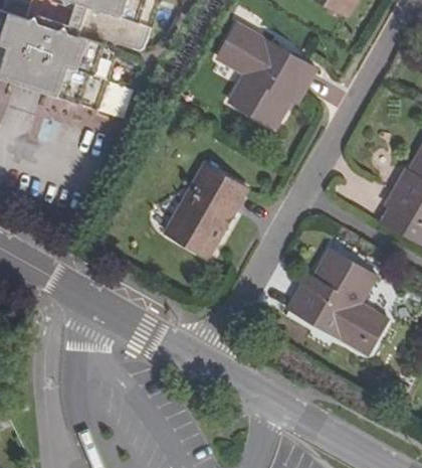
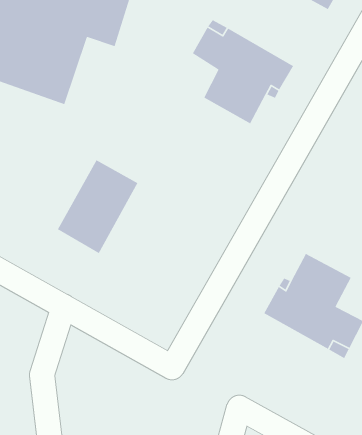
building: [167,164,246,257] -> [57,159,138,254]

